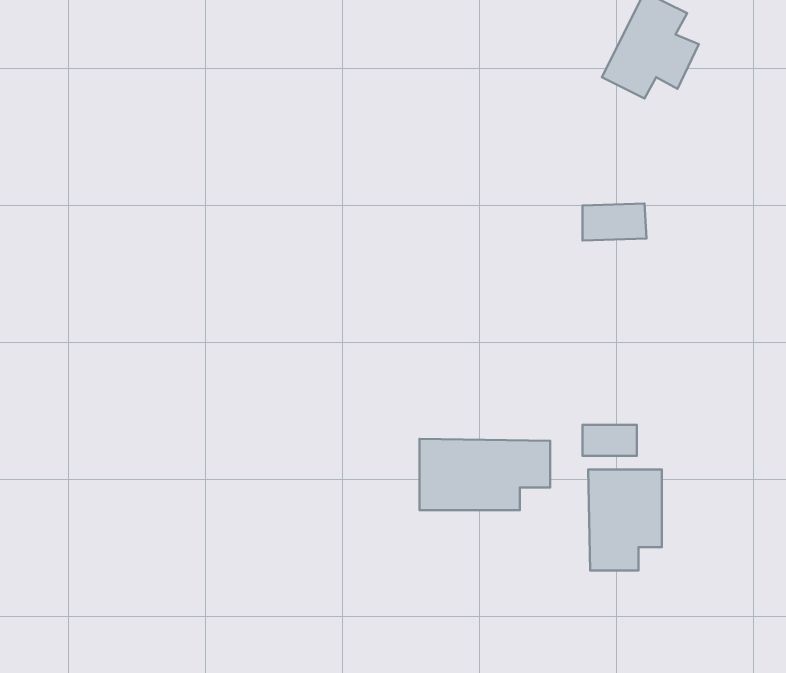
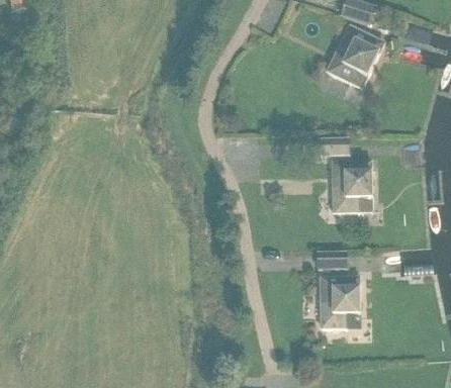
building: none -> [333,161,371,213]
building: [420,439,550,510] -> none

